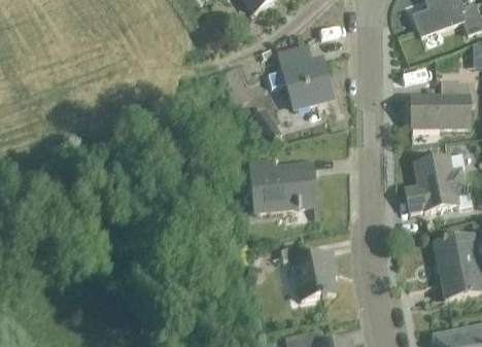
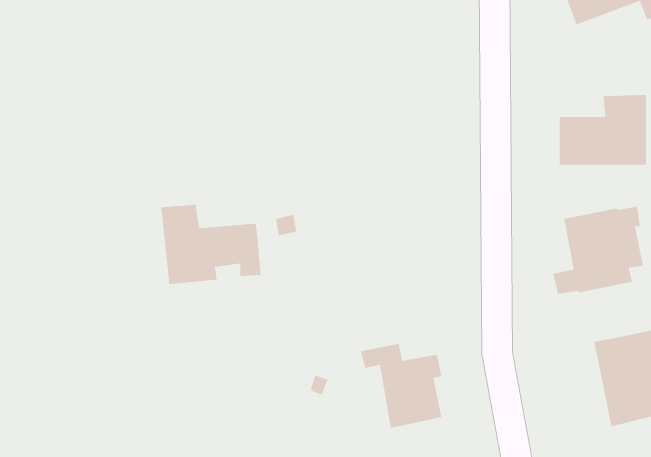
building: [268,46,332,106] -> none
building: [249,158,315,210] -> [161,204,262,284]

